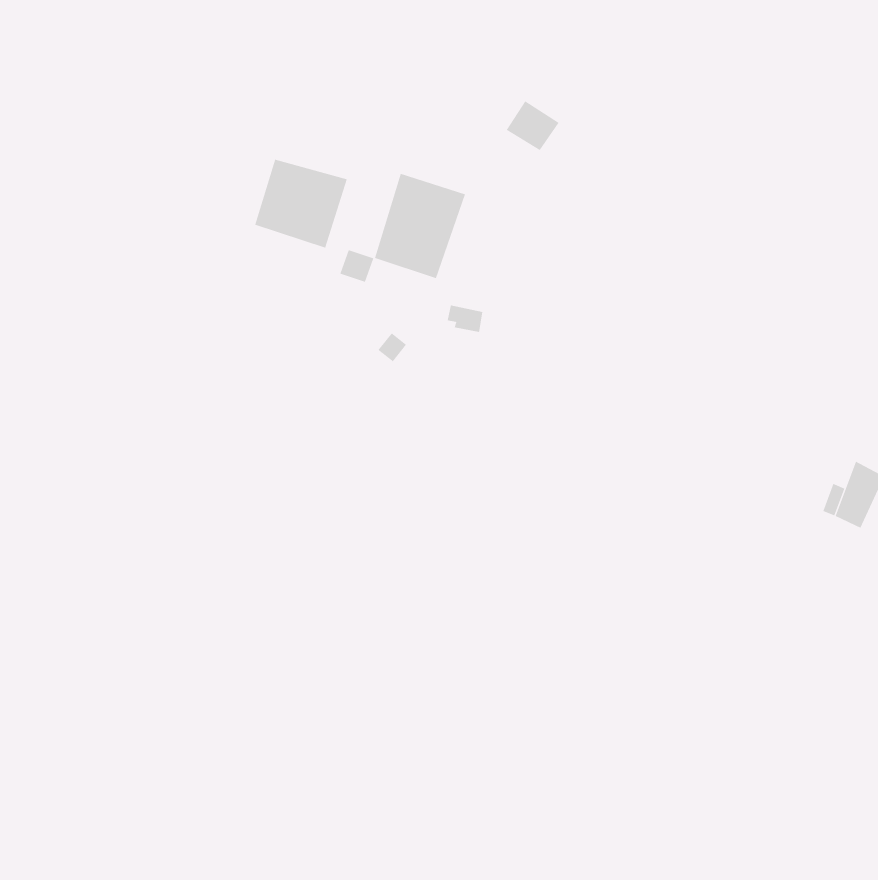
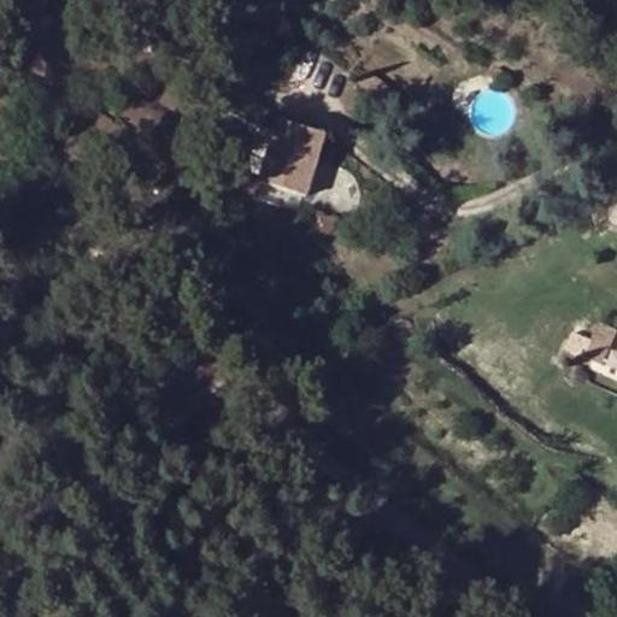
building: [255,159,348,249] -> none

